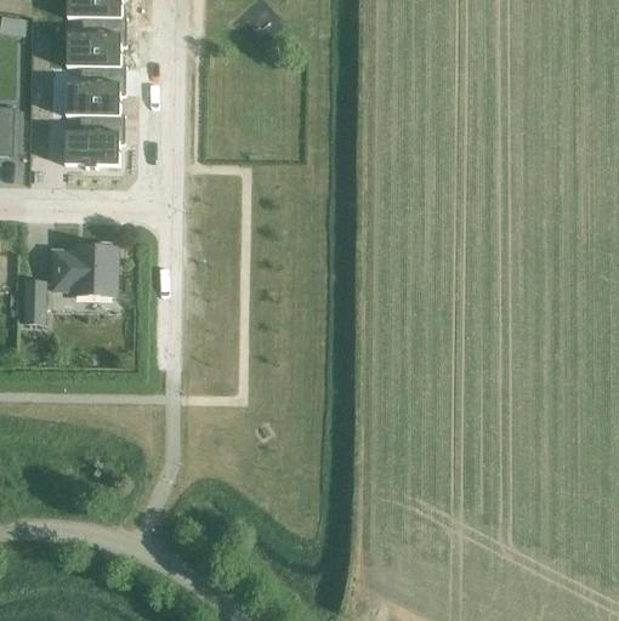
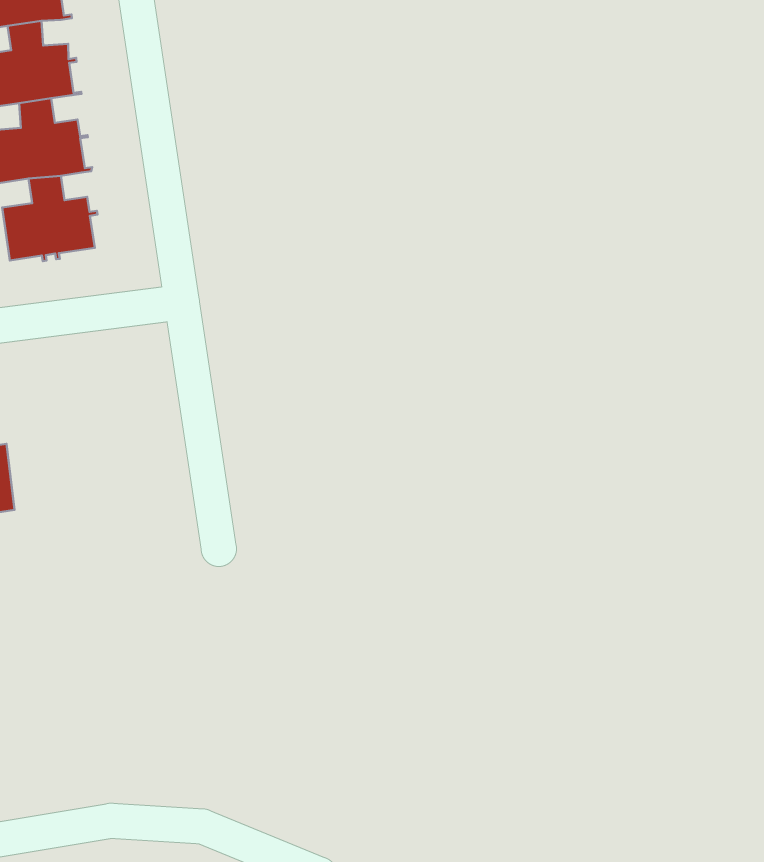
building: [51,241,117,296] -> none

